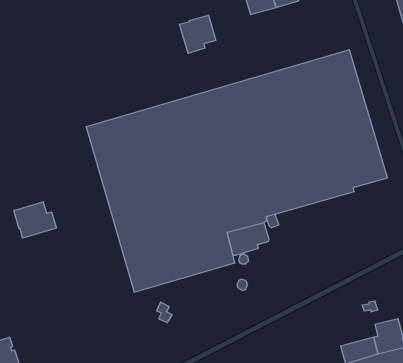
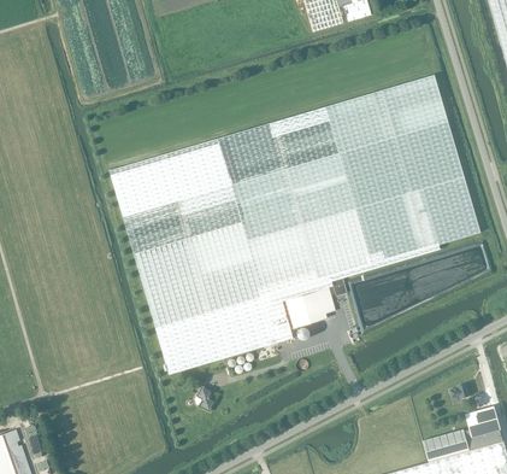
building: [180,15,216,53] -> none
building: [14,202,57,238] -> none

